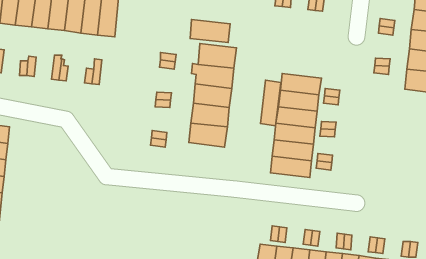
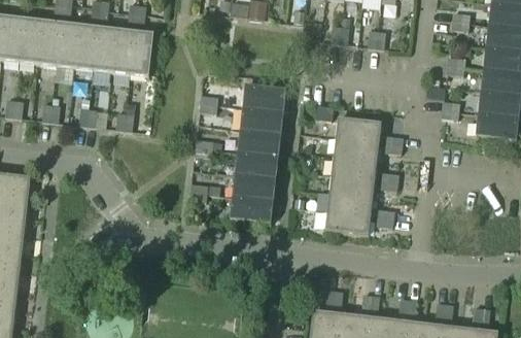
building: [190,20,230,43] -> none
building: [260,80,281,126] -> none
building: none -> [230,194,273,222]

